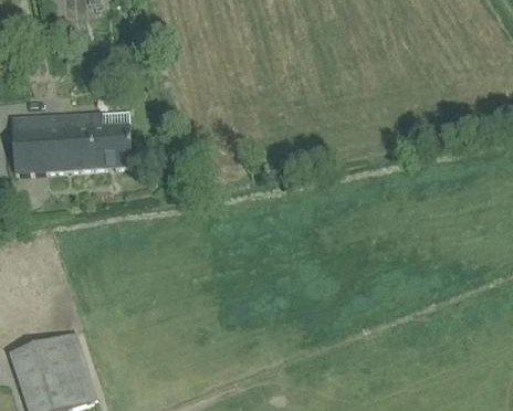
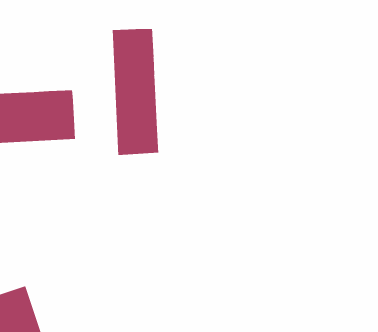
building: none -> [112,28,159,156]

